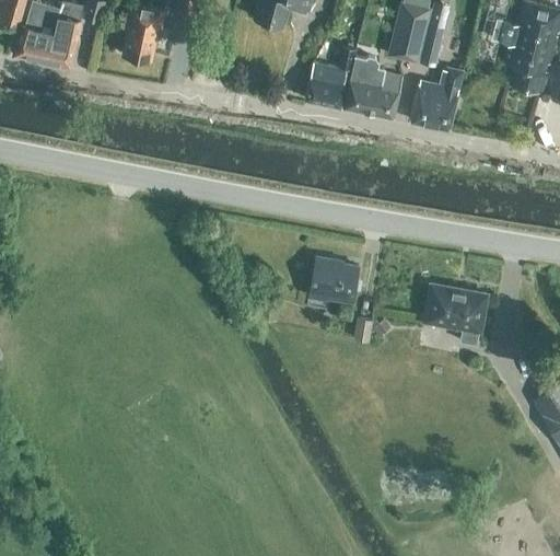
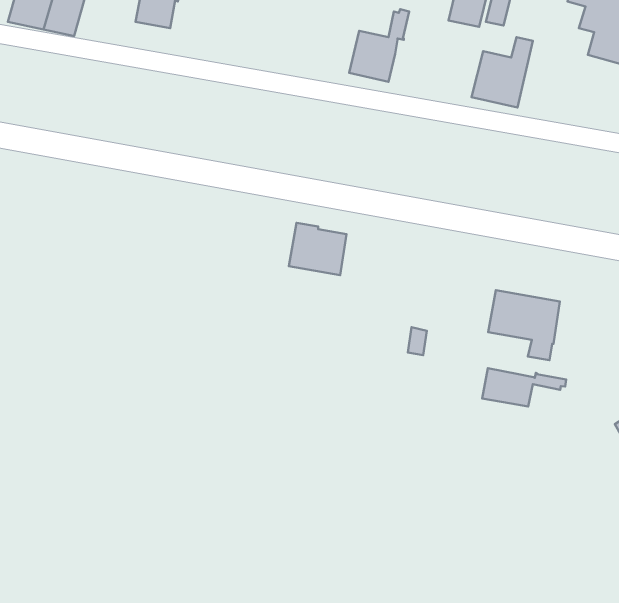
building: [345,56,405,117] -> none
building: [311,256,360,301] -> [289,223,346,275]
building: none -> [482,368,566,407]

